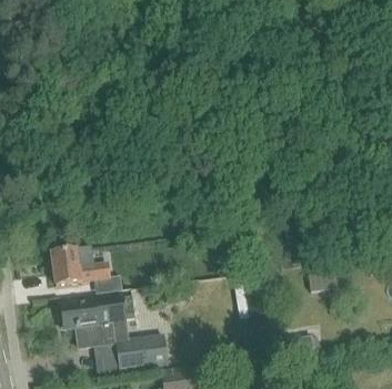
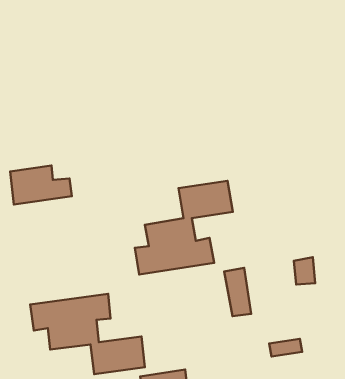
building: none -> [135,181,233,274]
building: [51,248,109,285] -> [10,166,72,205]

